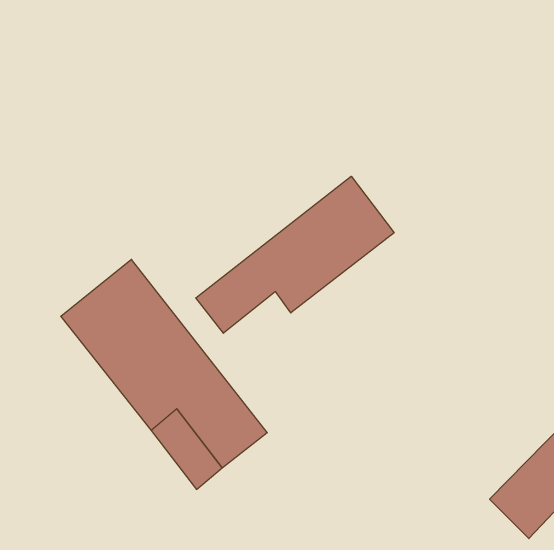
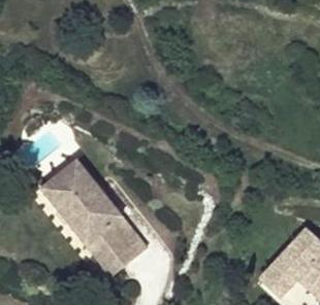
building: [196,176,394,333] -> none

